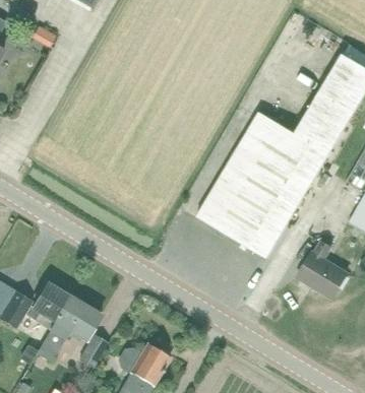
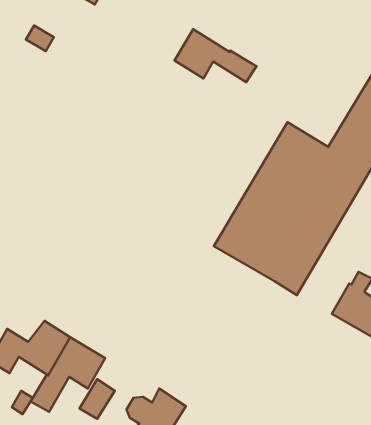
building: none -> [175,29,257,82]

